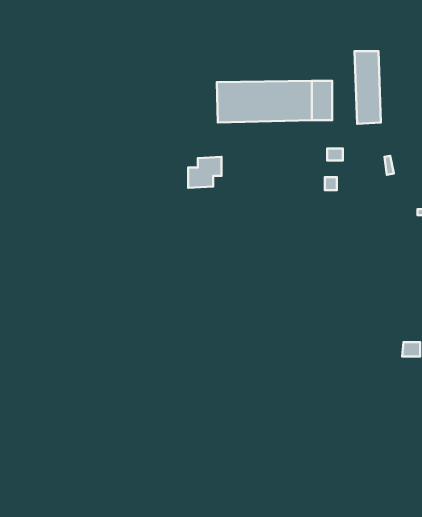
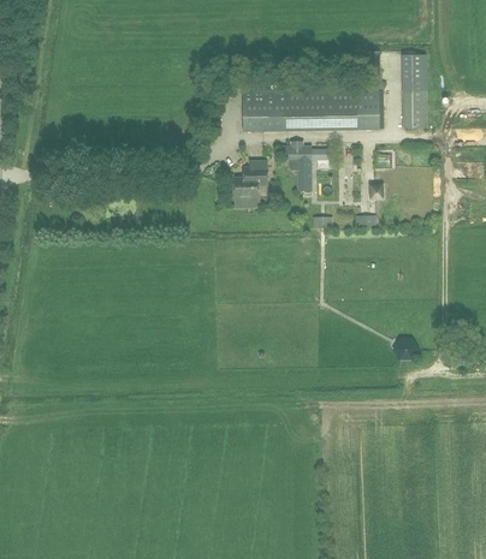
building: none -> [242,79,263,131]
building: none -> [283,141,330,190]

